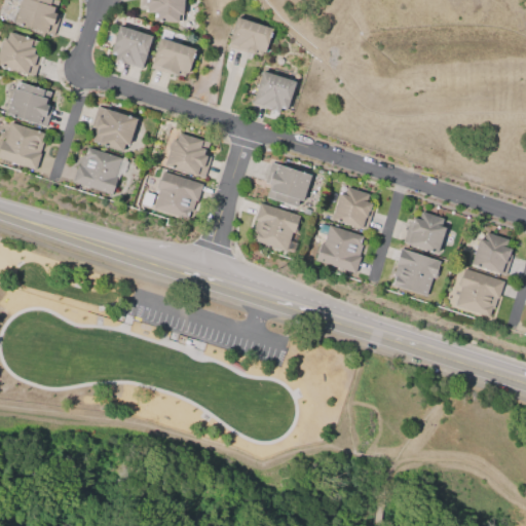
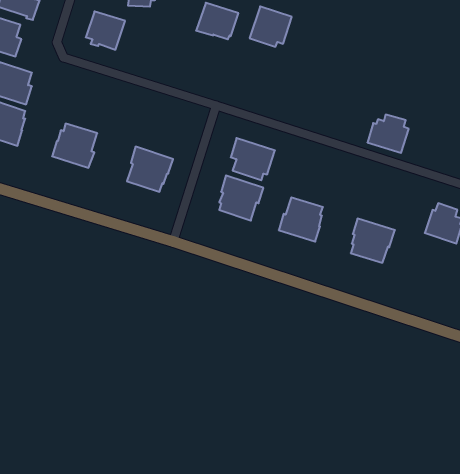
building: [151,38,196,77] -> none
building: [252,70,297,113] -> [250,6,292,47]
building: [91,106,140,151] -> none
building: [165,134,211,178] -> none
building: [333,188,374,230] -> none
building: [403,213,447,254] -> [367,115,409,153]
building: [456,269,503,316] -> none

